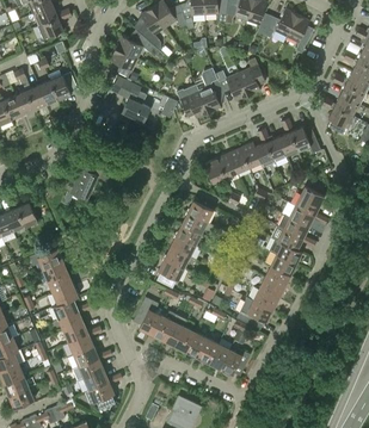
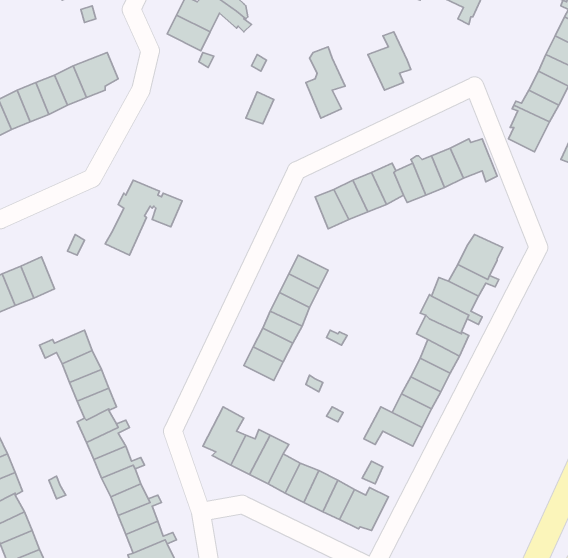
building: [215,72,248,101] -> none
building: [110,76,150,123] -> none
building: [177,85,208,118] -> none

